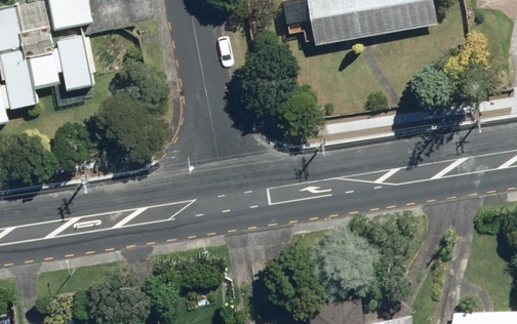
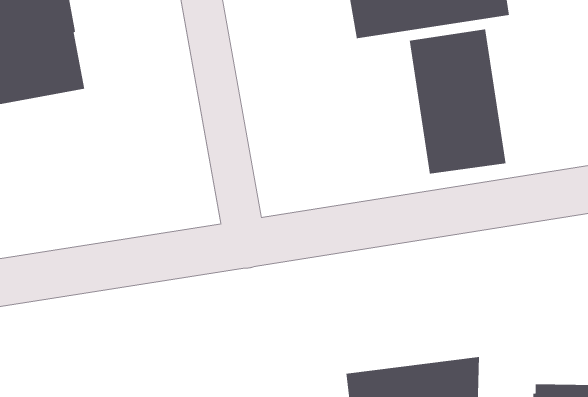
building: none -> [409,28,507,175]

